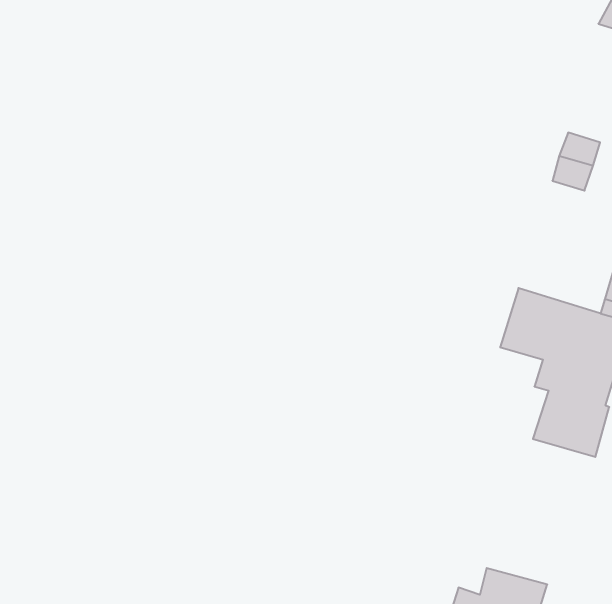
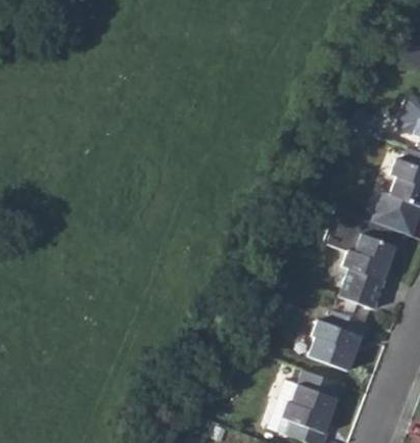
building: none -> [313,312,366,368]

